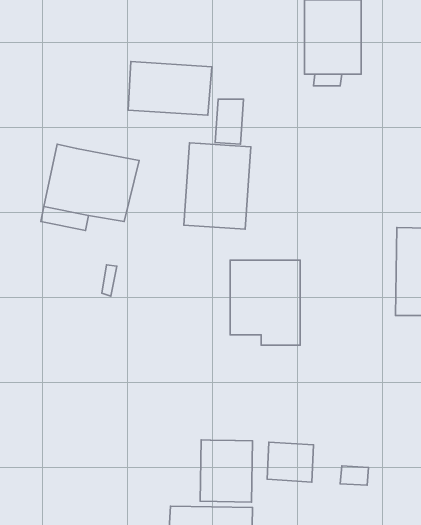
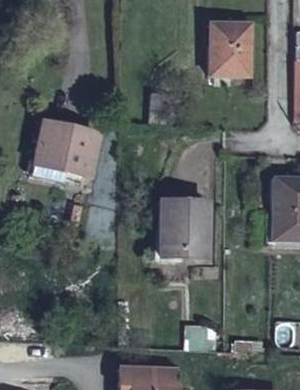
building: [128,61,212,115] -> none
building: [184,143,251,229] -> none
building: [200,440,253,502] -> none

